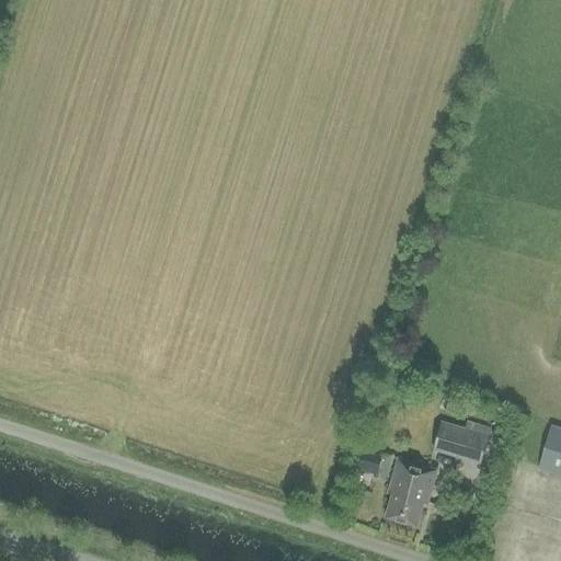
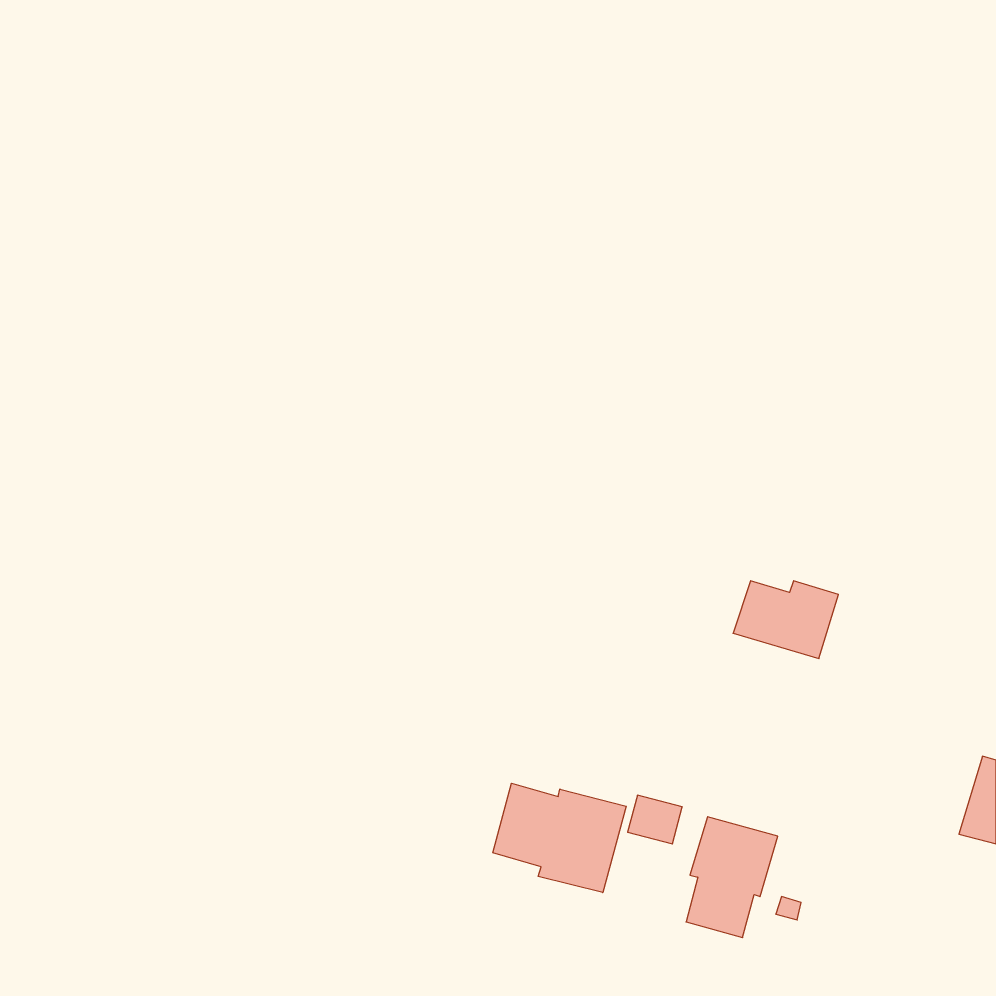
building: [434,422,493,466] -> [733,581,838,659]
building: none -> [493,783,626,893]

